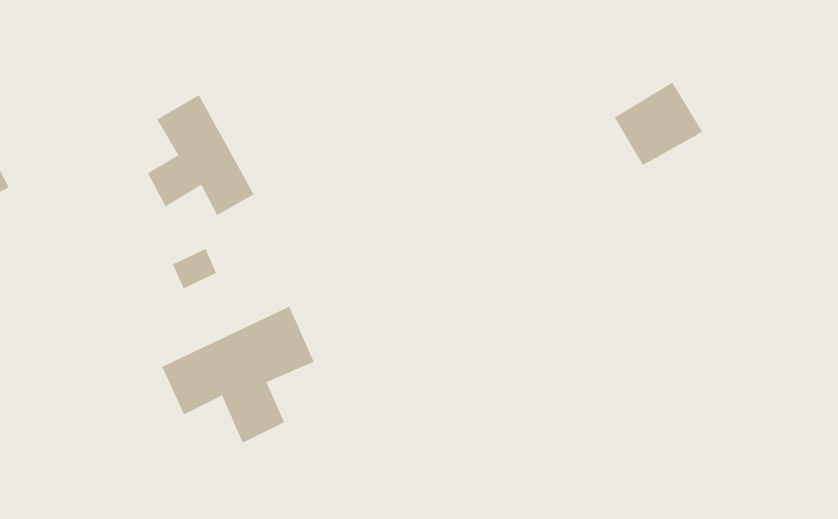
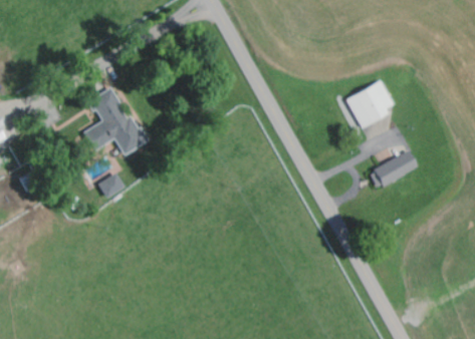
building: none -> [373,152,418,185]
building: [162,306,315,444] -> none

